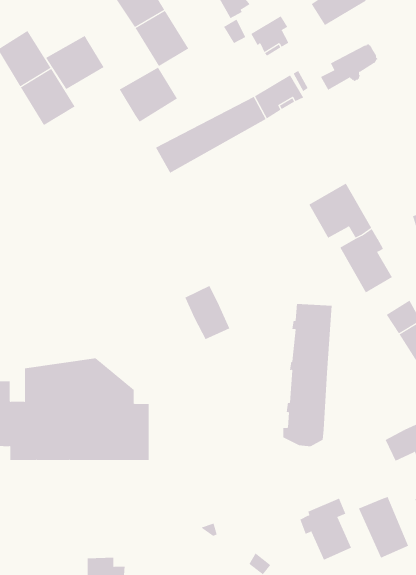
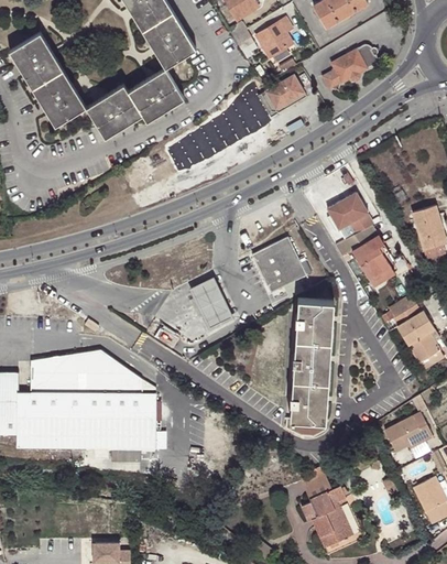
building: [45,35,104,90] -> [85,85,142,138]
building: none -> [250,236,306,293]
building: [358,496,409,558] -> none

